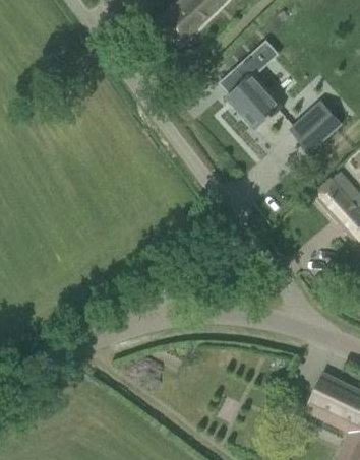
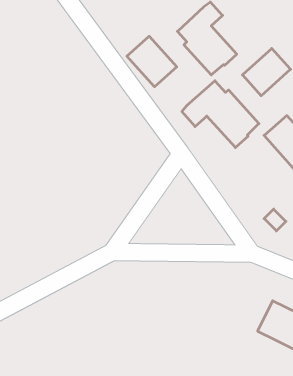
building: none -> [127,36,177,87]
building: none -> [182,81,259,148]

